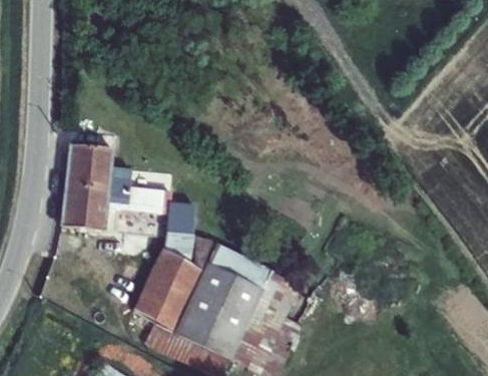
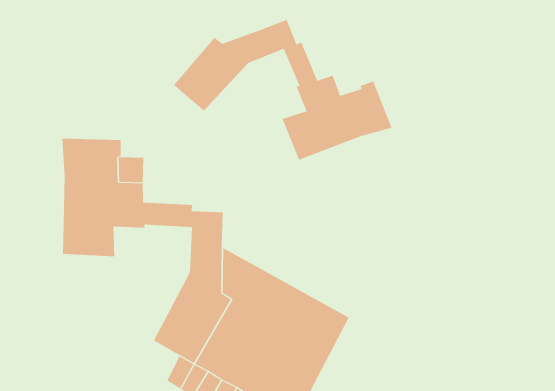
building: none -> [173,19,392,160]

